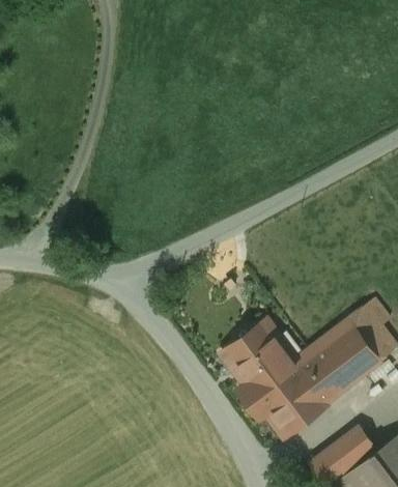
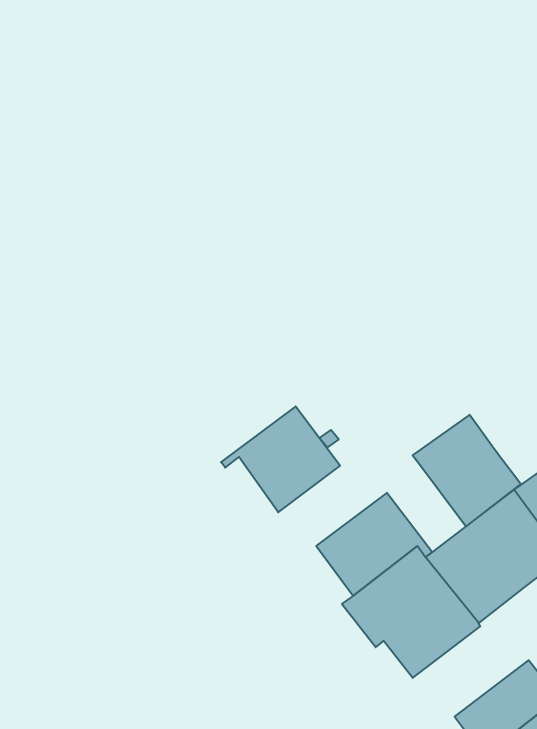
building: none -> [221,406,340,512]
building: none -> [413,415,521,526]

